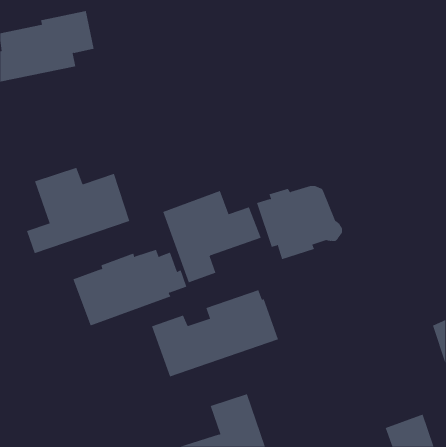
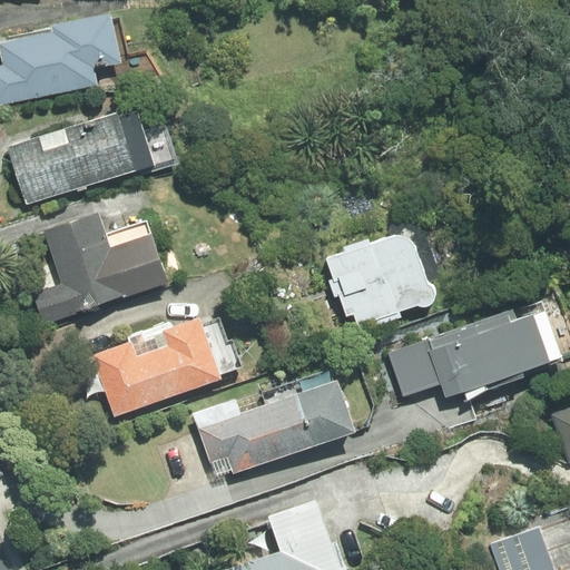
building: none -> [8,111,171,205]
building: [162,190,261,283] -> none
building: none -> [390,303,559,397]

